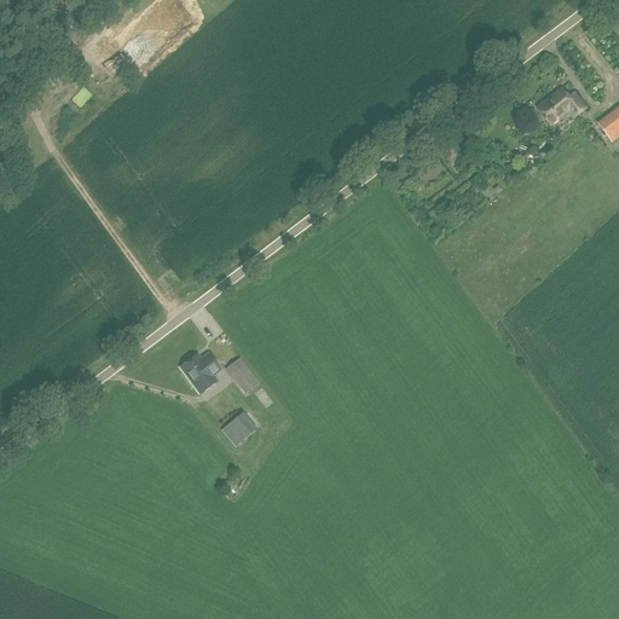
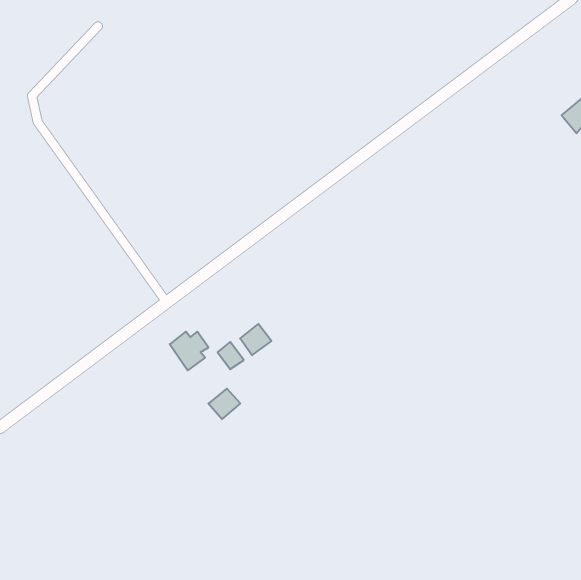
building: [537,87,585,123] -> none
building: none -> [240,324,271,355]

